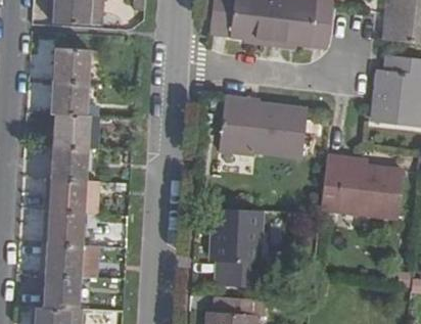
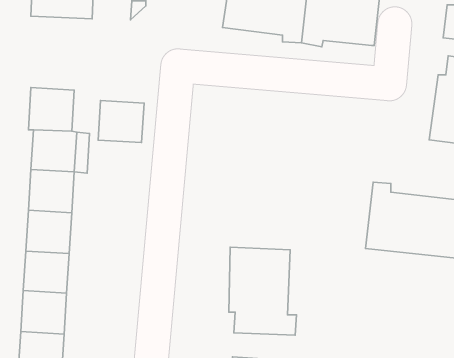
building: [53,48,90,82] -> [98,101,144,143]
building: [219,96,307,154] -> none

